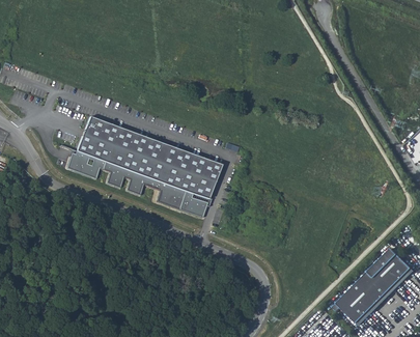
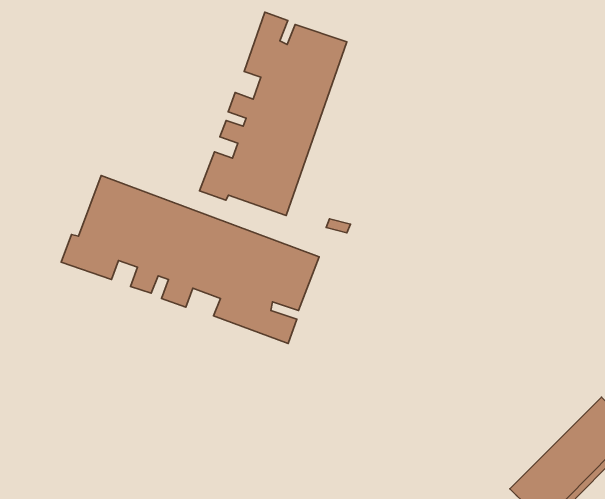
building: none -> [199,12,347,216]

